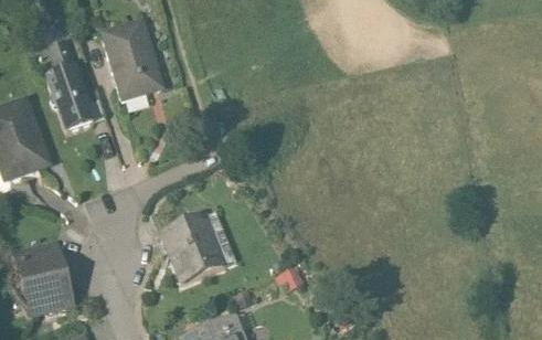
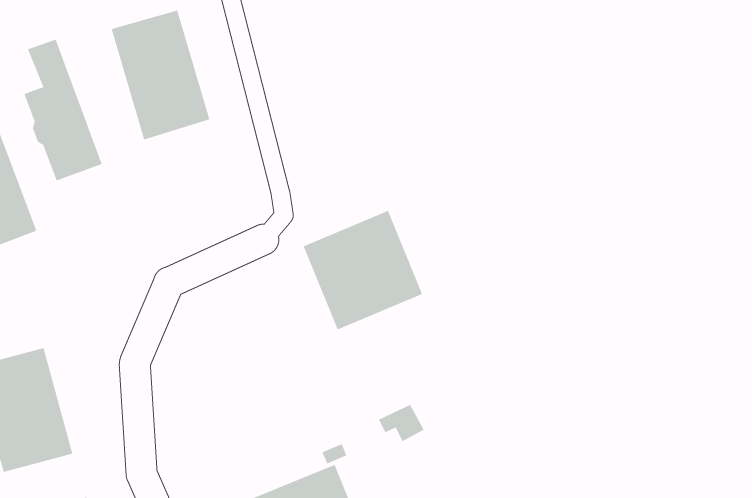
building: [159,209,236,286] -> [303,210,423,330]

